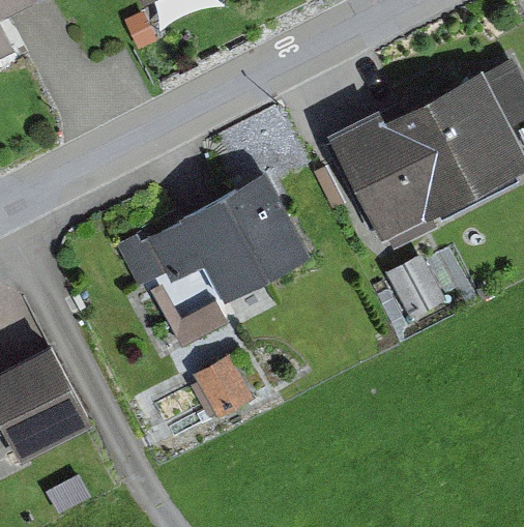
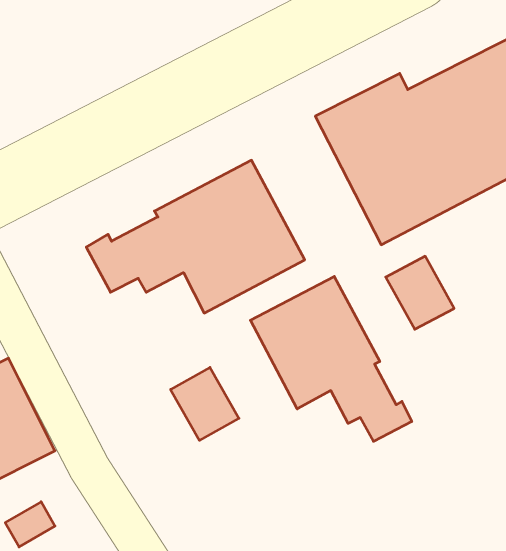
building: none -> [250,276,412,441]

